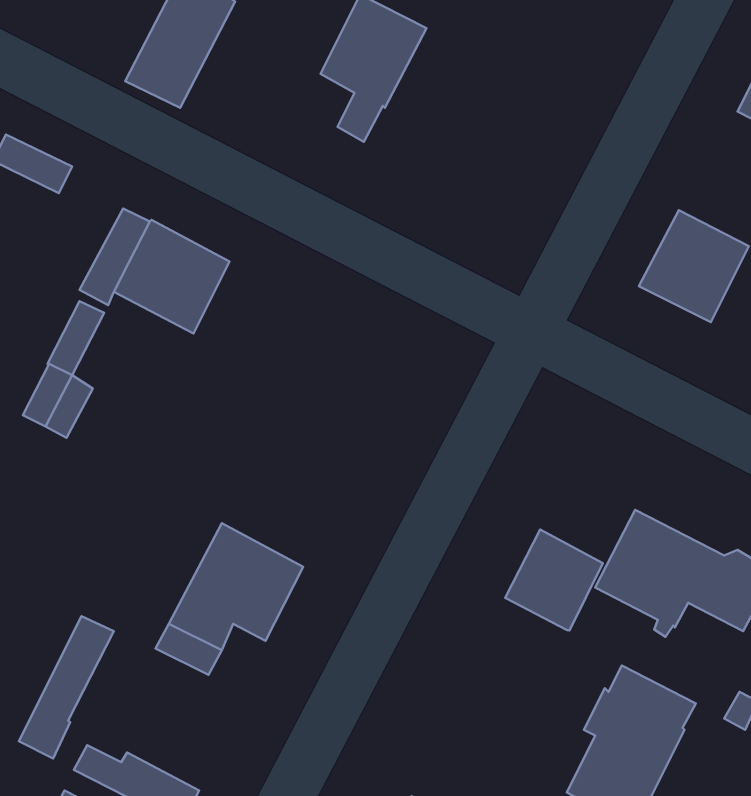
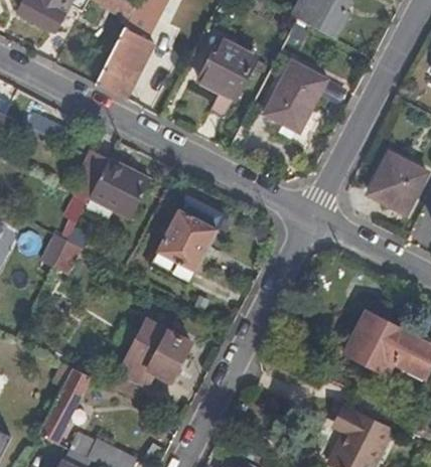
building: none -> [264,60,327,133]
building: none -> [150,208,218,286]
building: [505,529,603,630] -> none

